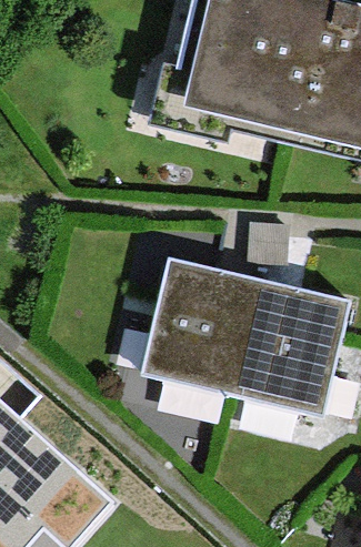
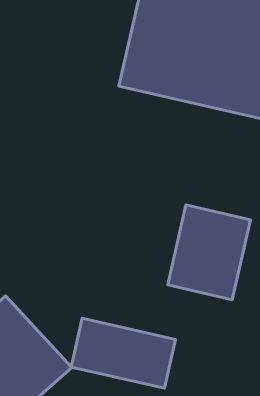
building: [146,261,258,388] -> none
building: none -> [71,318,175,388]

